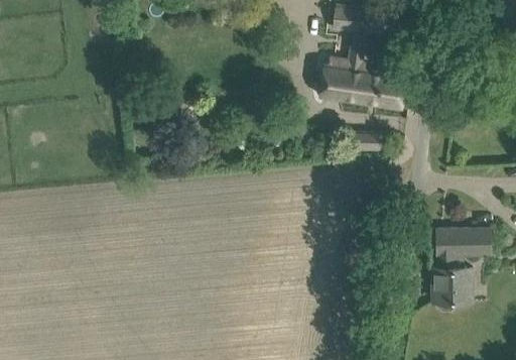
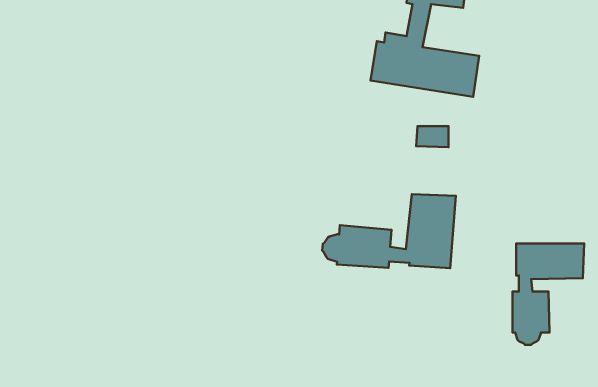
building: none -> [322,194,456,268]

